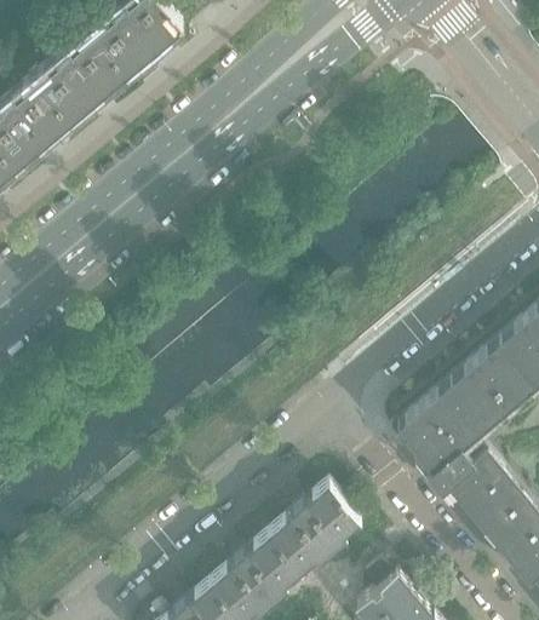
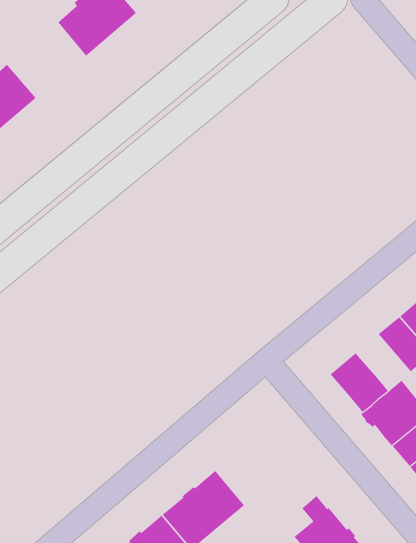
building: [38,40,125,124] -> none
building: [425,386,486,449] -> none
building: [269,487,361,576] -> none

